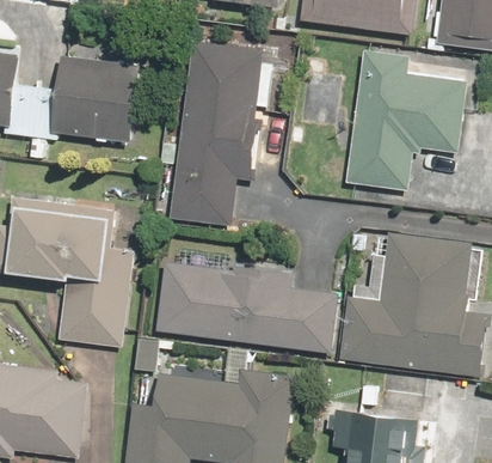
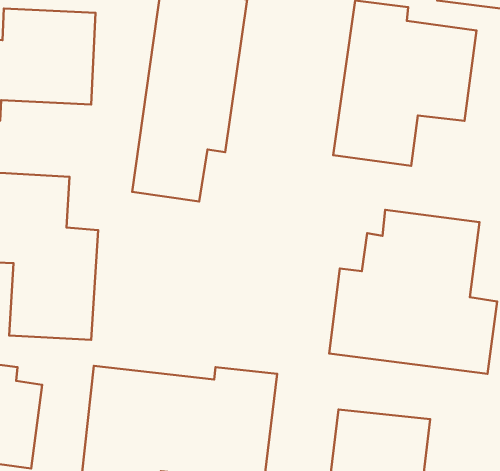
building: [150,252,340,354] -> none

